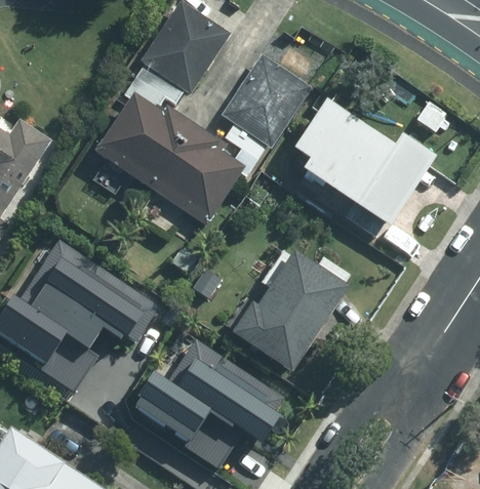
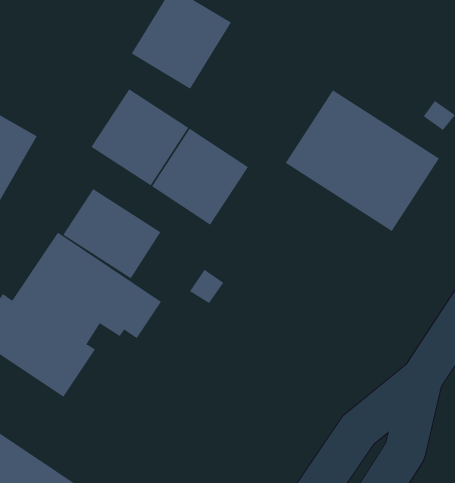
building: [221,54,314,150] -> none
building: none -> [63,188,161,279]
building: [229,249,351,379] -> none
building: [131,332,289,458] -> none

